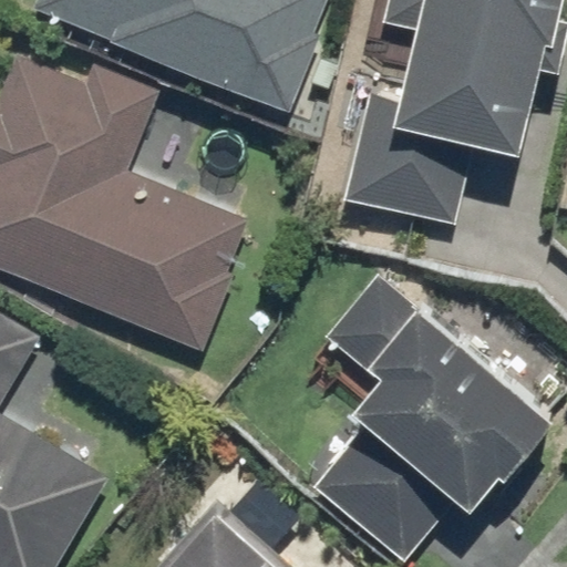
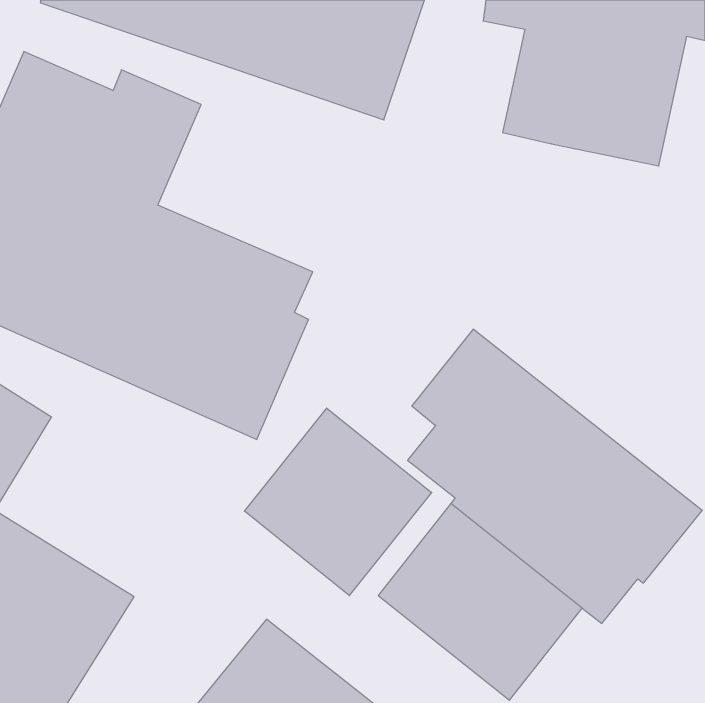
building: [344,90,473,221] -> none
building: none -> [244,408,432,596]

